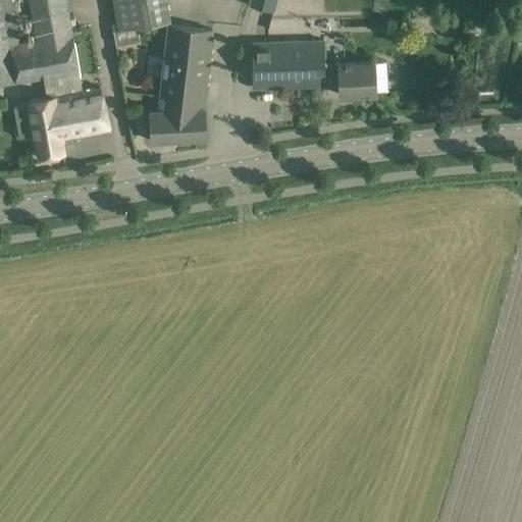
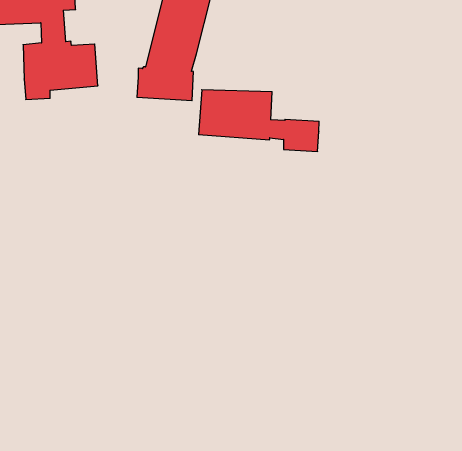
building: [250,39,374,96] -> [199,90,319,151]

